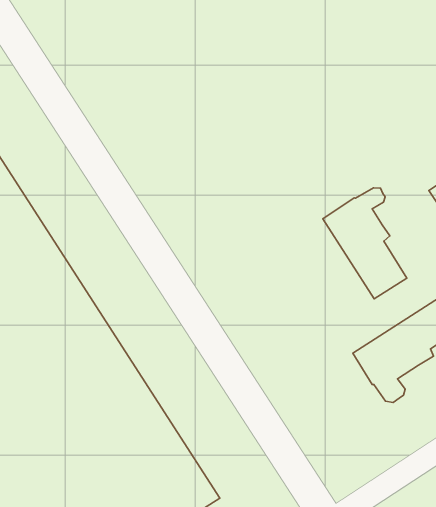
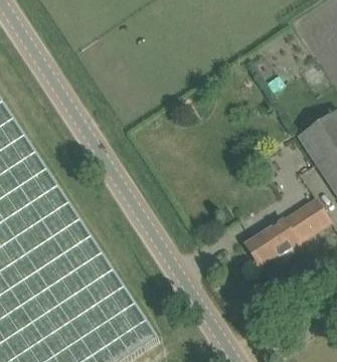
building: [323,188,407,299] -> none

